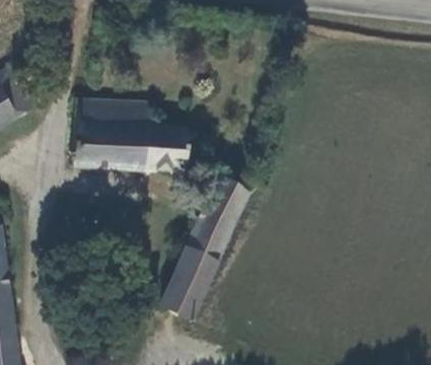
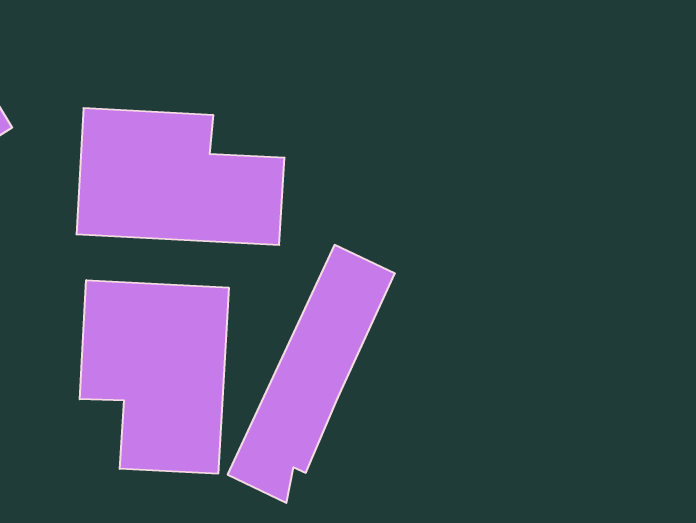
building: none -> [80,280,229,474]

